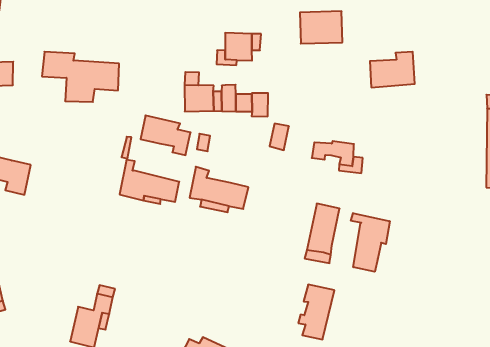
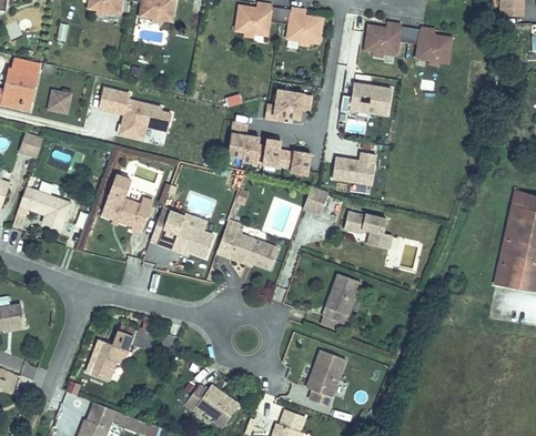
building: [370,52,415,87] -> [328,155,373,187]
building: [141,115,191,155] -> [100,189,149,232]
building: [351,213,390,272] -> none

